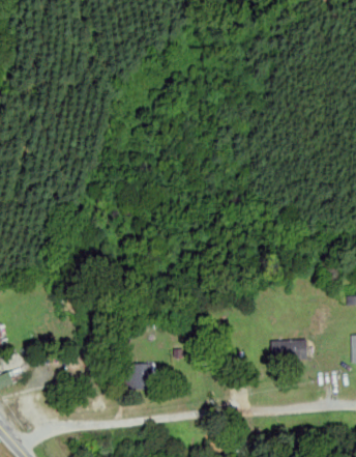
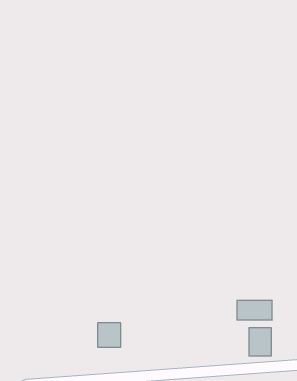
building: none -> [249,328,271,356]

